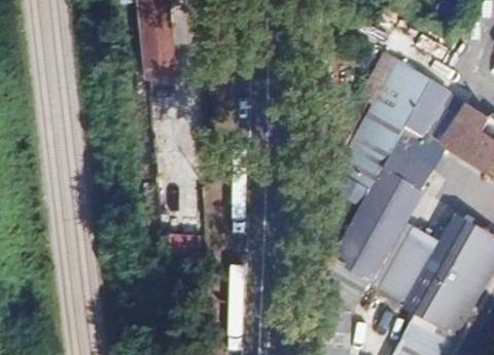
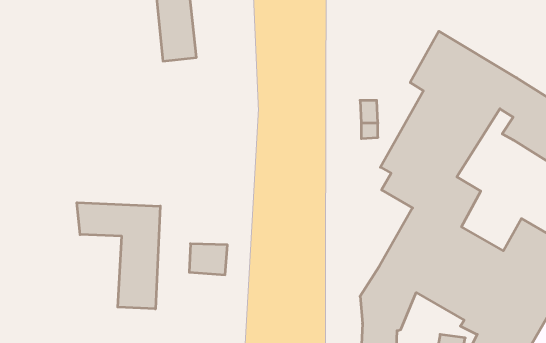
building: [399,120,448,191] -> none
building: none -> [77,203,160,309]

